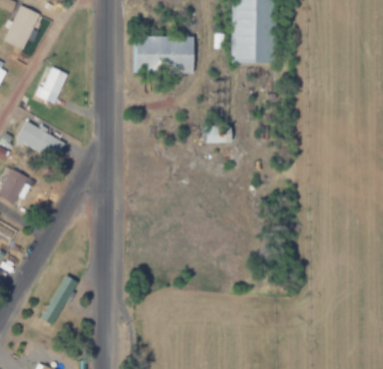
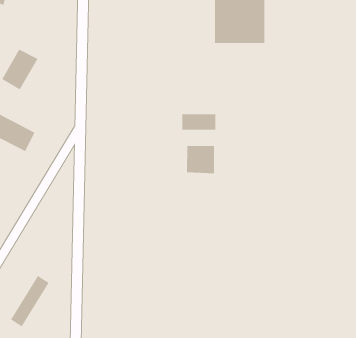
building: [132,36,195,74] -> none
building: none -> [186,145,215,174]

